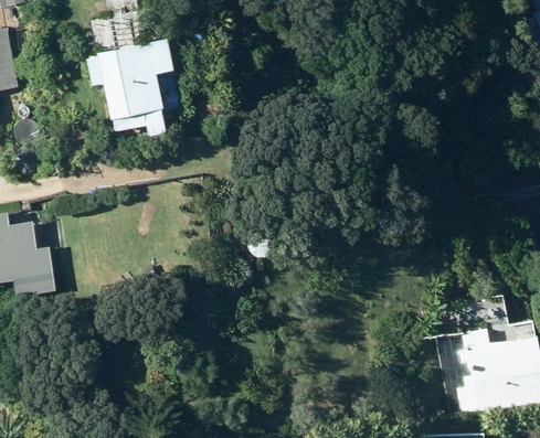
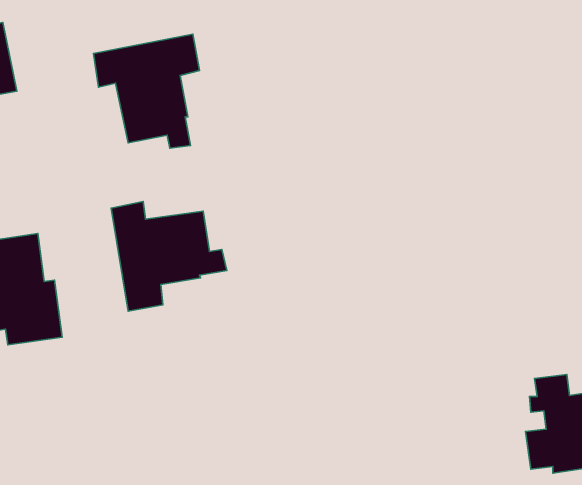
building: none -> [111,202,227,311]

